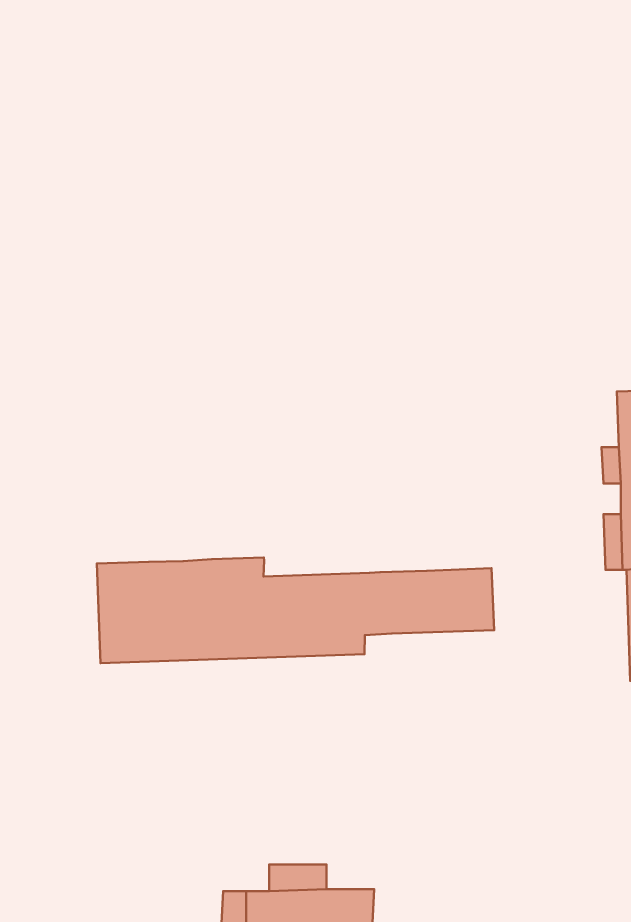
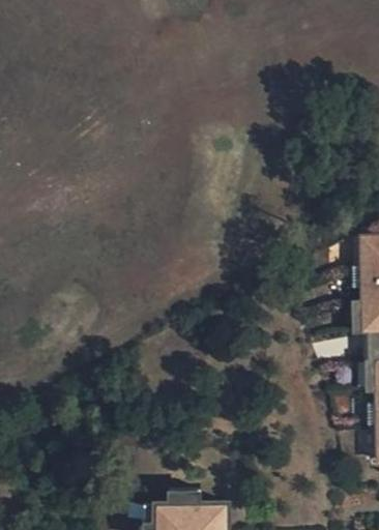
building: [97,557,494,663] -> none

